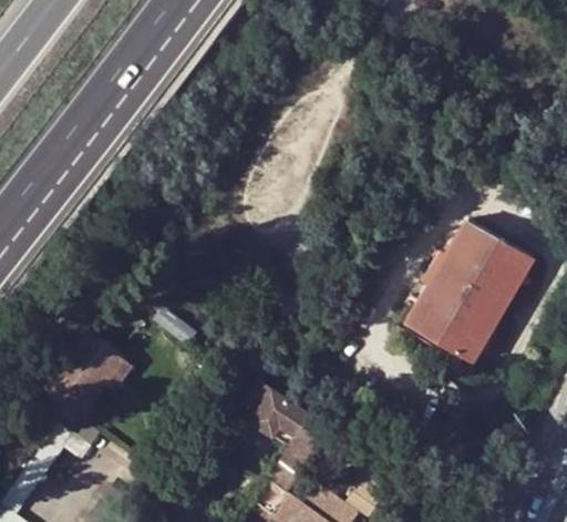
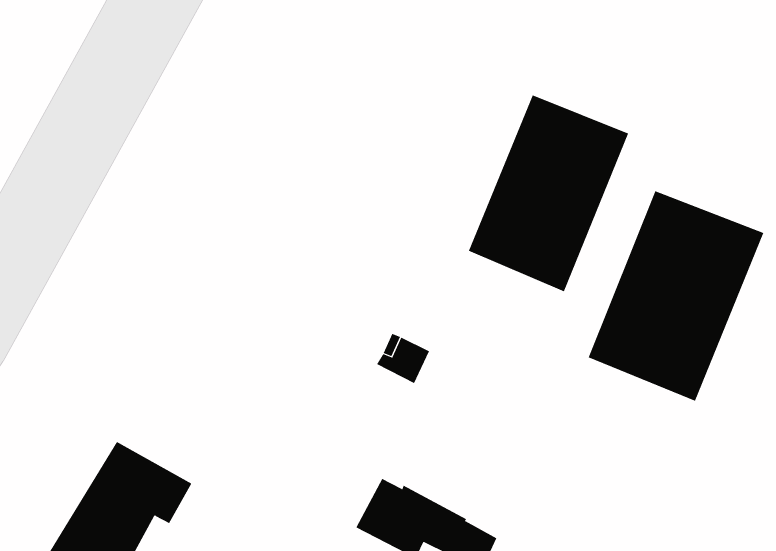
building: none -> [468,95,629,292]

